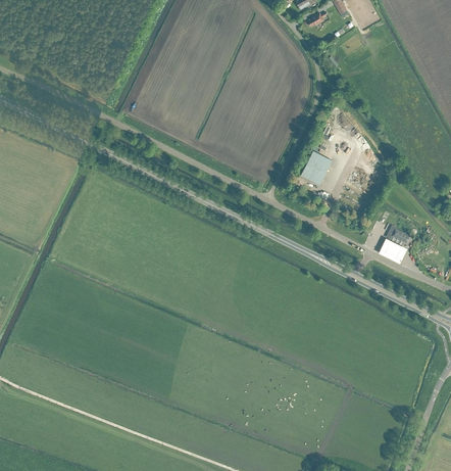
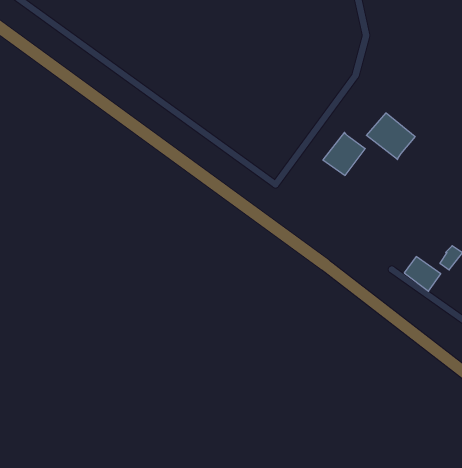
building: none -> [366,113,415,160]

